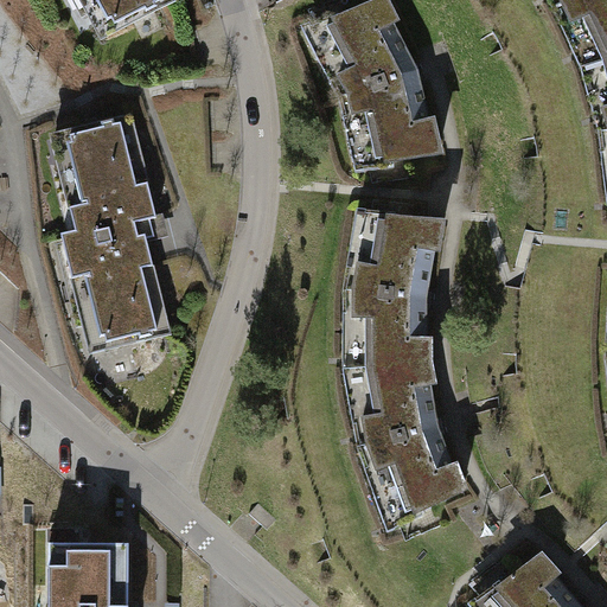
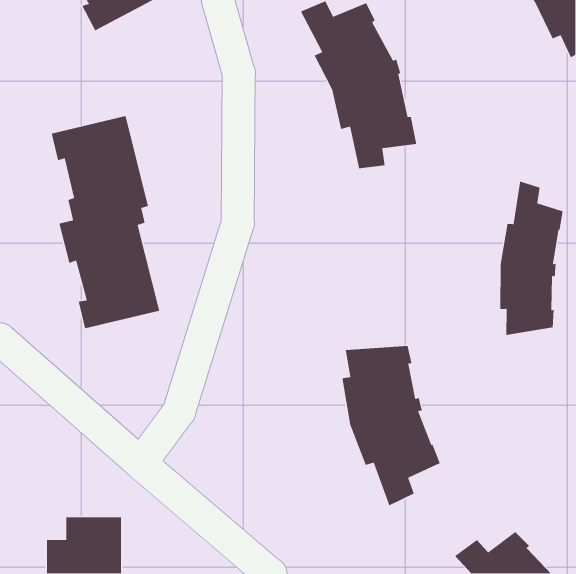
building: none -> [500,180,564,336]
building: [353,202,441,368] -> none

